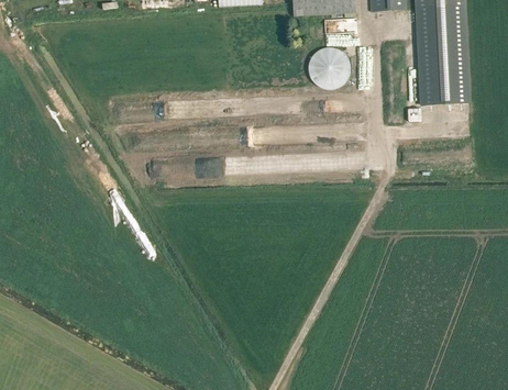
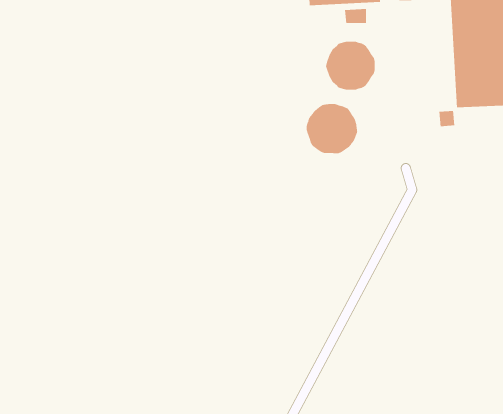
building: none -> [306,103,358,154]

